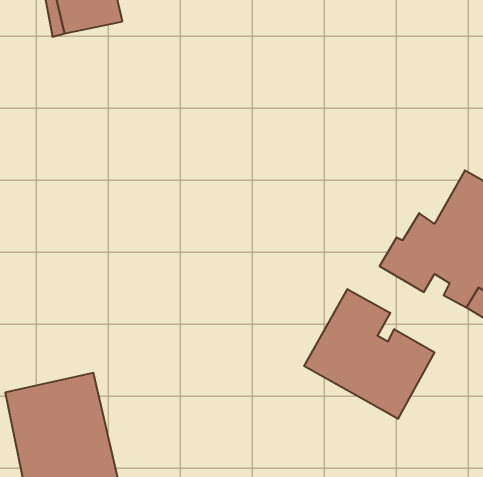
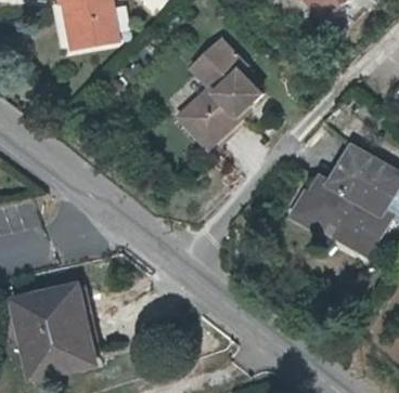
building: none -> [177,40,258,148]
building: [304,289,434,419] -> none

